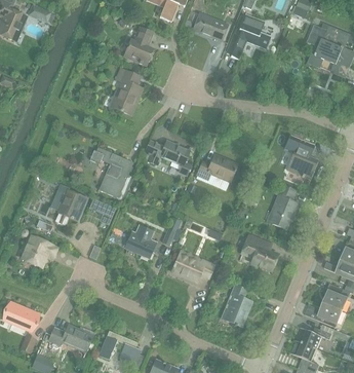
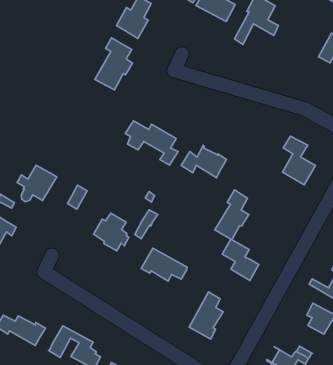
building: [89,146,132,197] -> none
building: [269,183,298,228] -> [215,190,249,240]
building: [304,303,342,327] -> none

